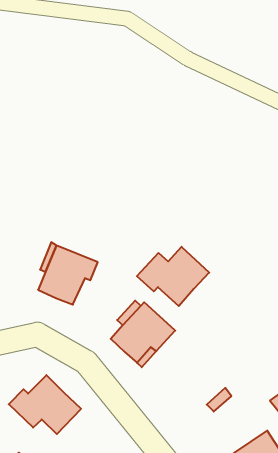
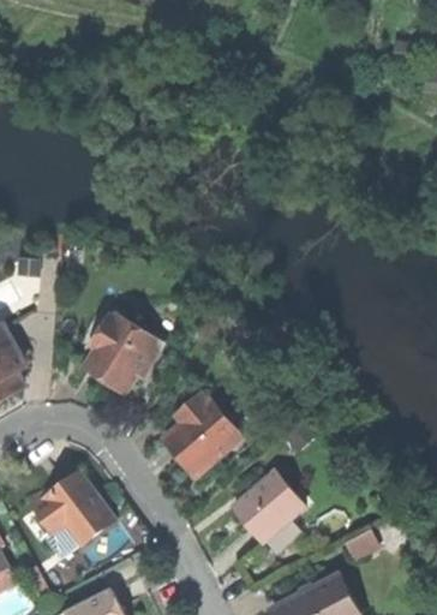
building: [137,247,209,306] -> none
building: none -> [231,468,300,538]

